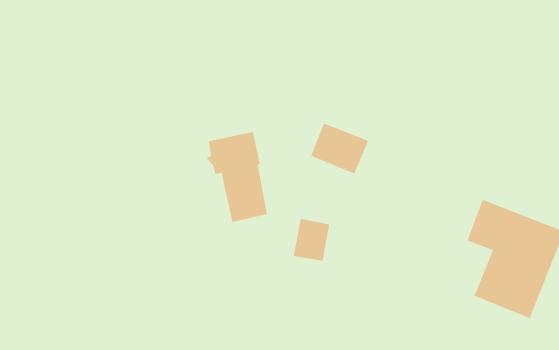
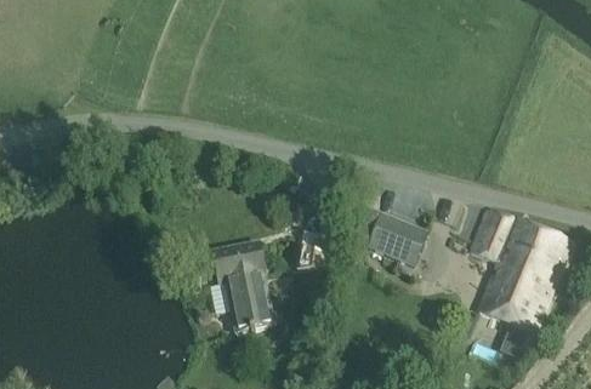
building: [310,123,369,174] -> [368,213,427,265]
building: [205,131,268,223] -> [210,240,273,332]

